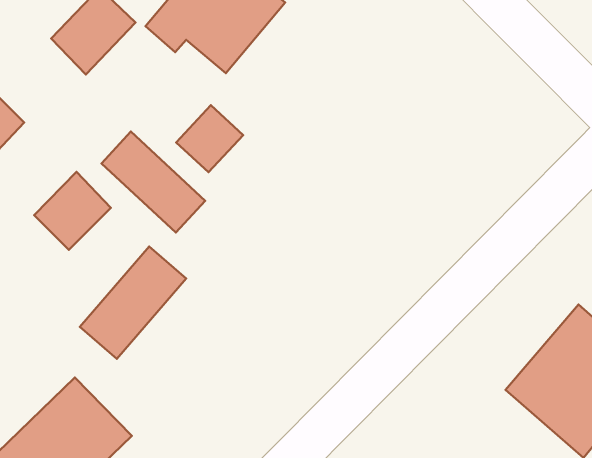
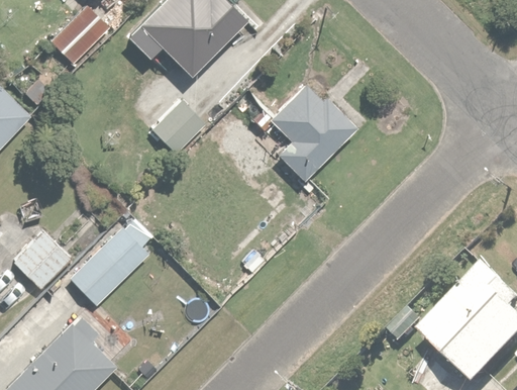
building: none -> [269,82,360,179]
building: [101,132,205,233] -> none
building: [34,172,111,250] -> [12,227,75,291]

